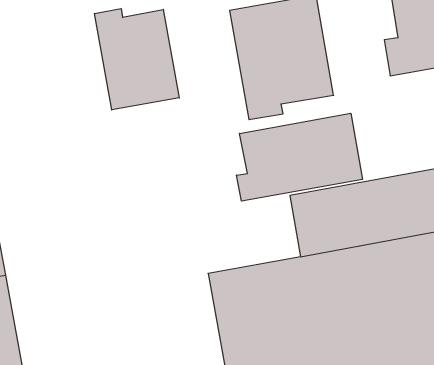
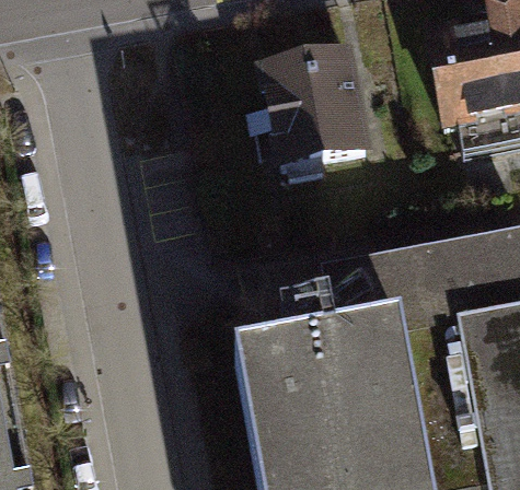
building: [95,9,179,110] -> none
building: [237,113,362,201] -> none

